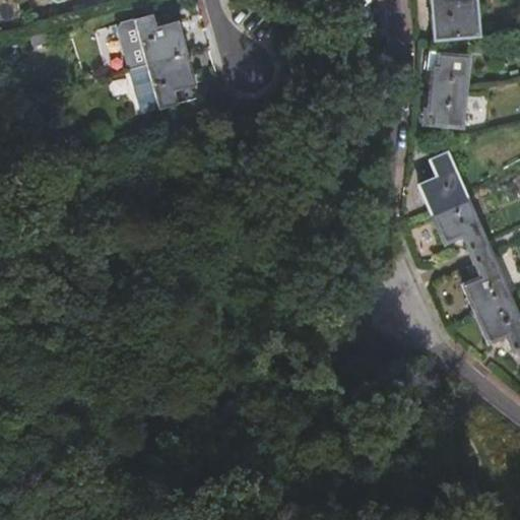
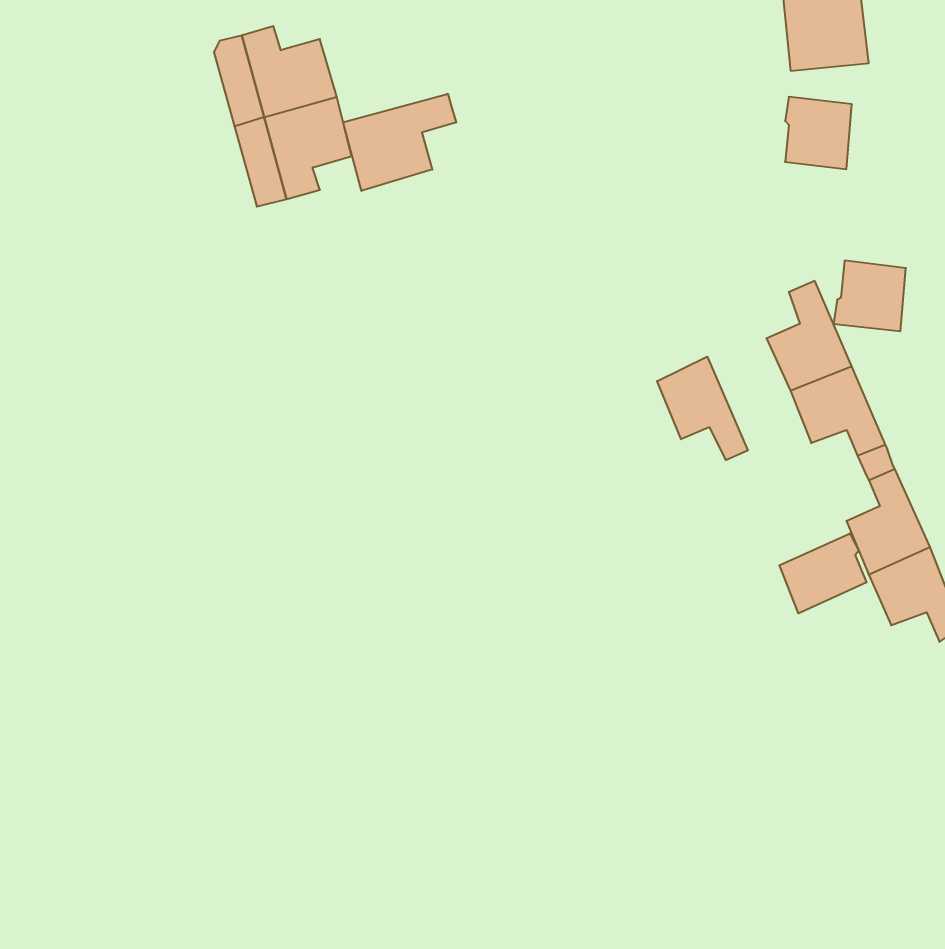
building: none -> [343,94,456,191]
building: [426,88,465,127] -> [833,261,906,331]
building: none -> [657,357,748,460]
building: none -> [779,533,867,613]

